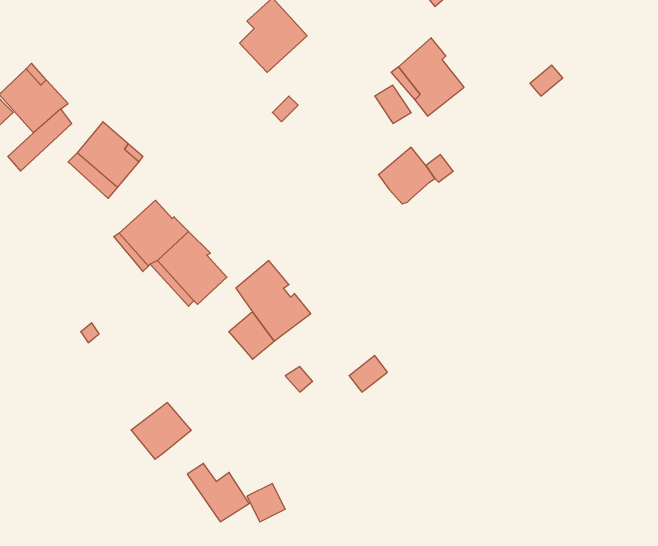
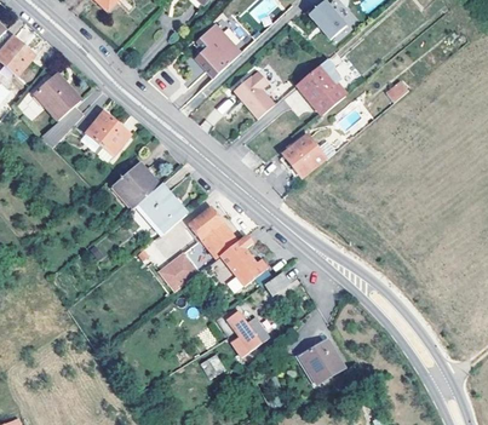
building: none -> [232,64,274,111]
building: none -> [222,232,269,285]
building: [131,403,191,459] -> [162,252,202,289]
building: none -> [298,338,344,384]
building: [187,463,249,522] -> [231,310,272,349]

